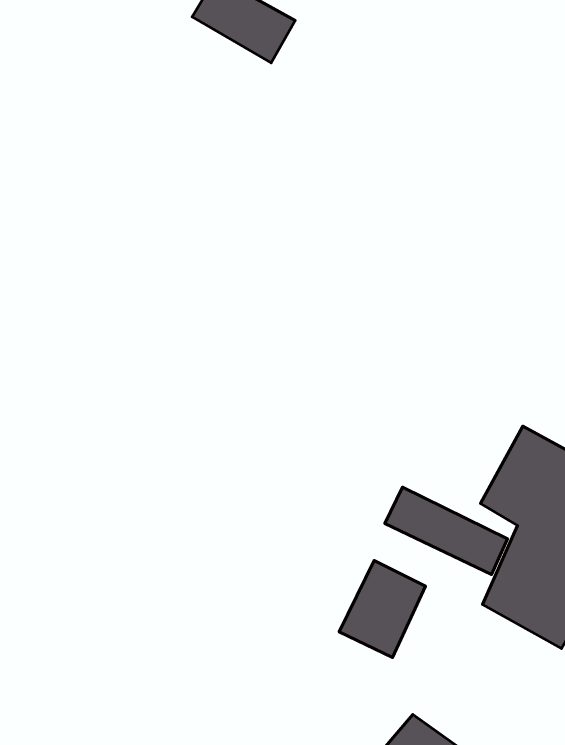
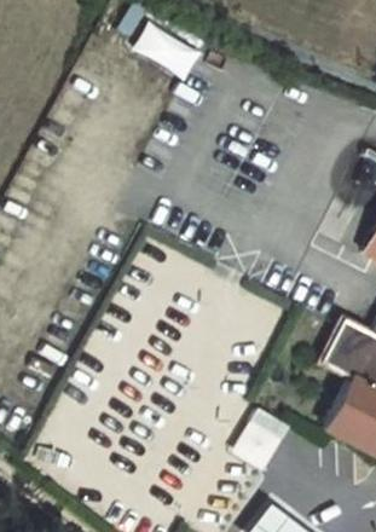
building: [385,487,508,575] -> none

